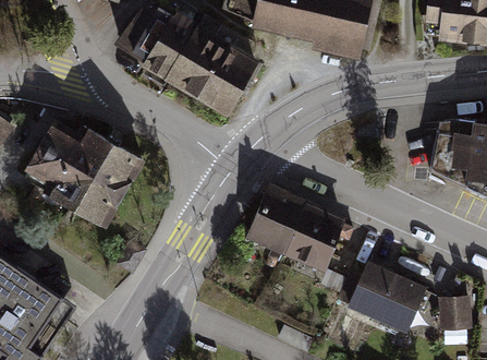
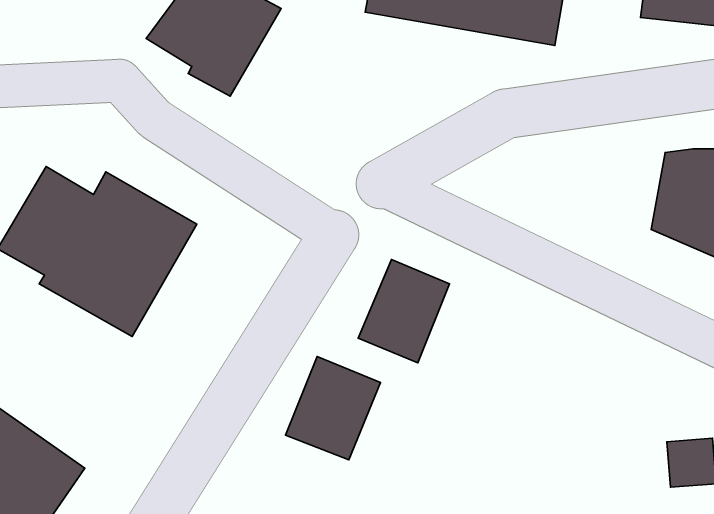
building: [167,28,260,119] -> none
building: [283,200,342,264] -> [286,356,380,460]
building: [348,262,429,334] -> none

